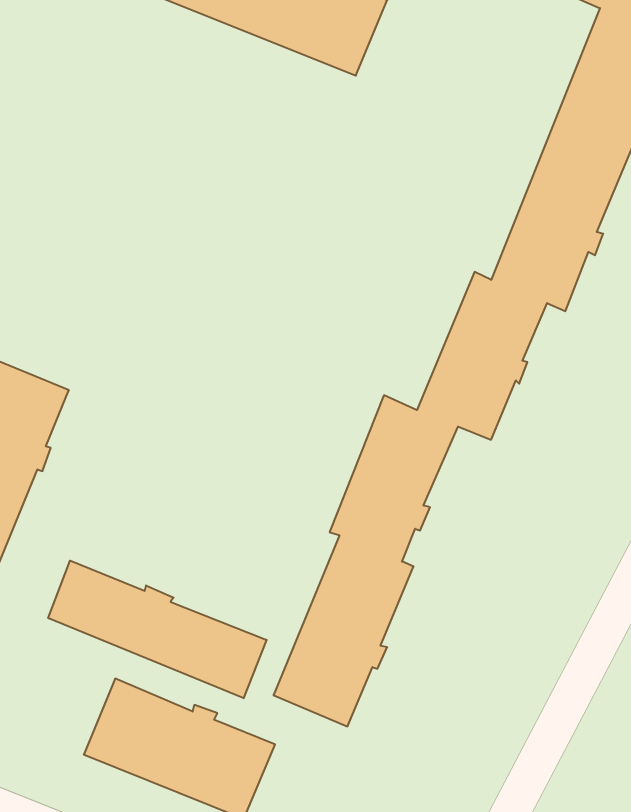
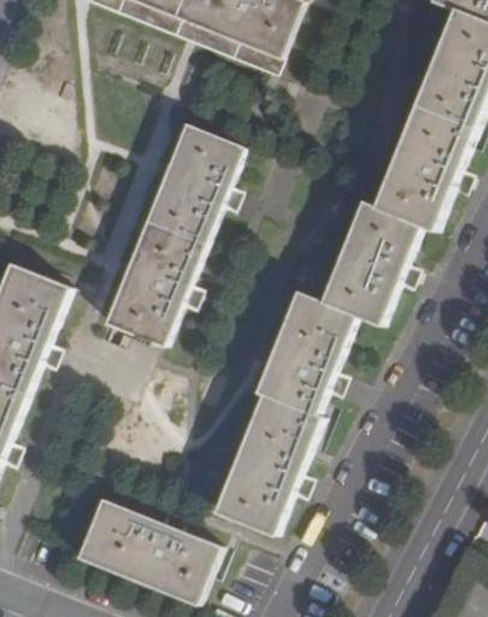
building: none -> [107,125,241,345]
building: [48,561,267,698] -> none

